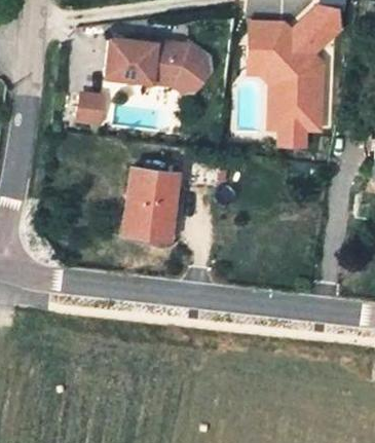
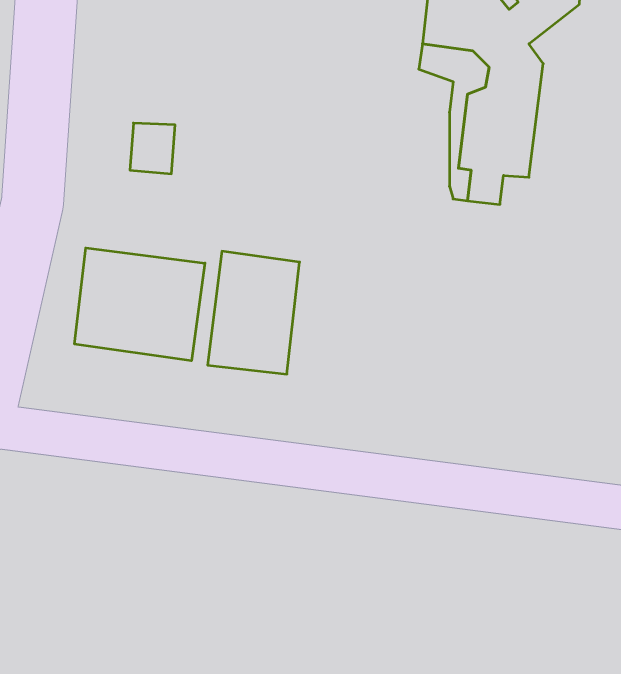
building: [108,38,211,91] -> none
building: none -> [75,248,205,361]

